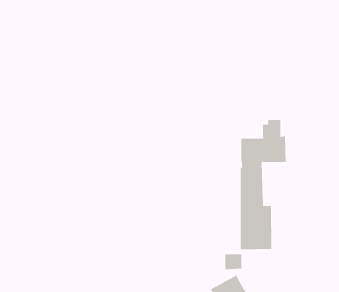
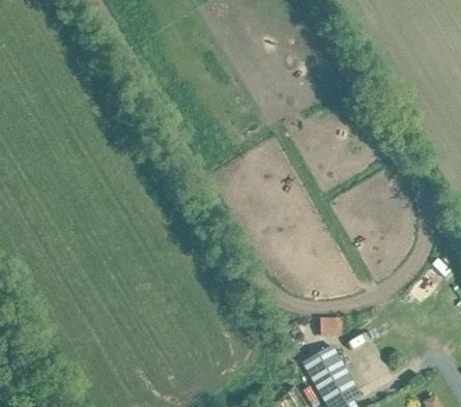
building: [240,119,286,250] -> none

